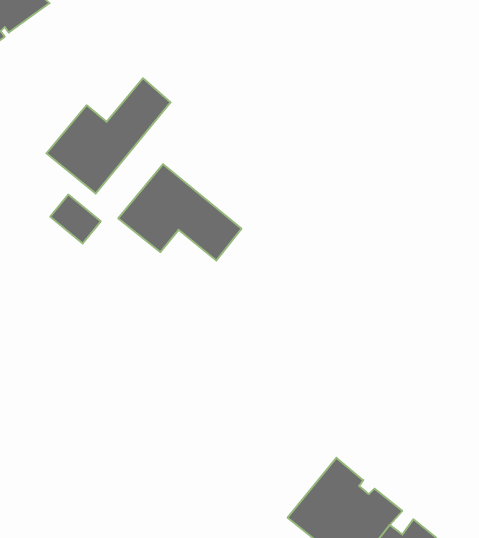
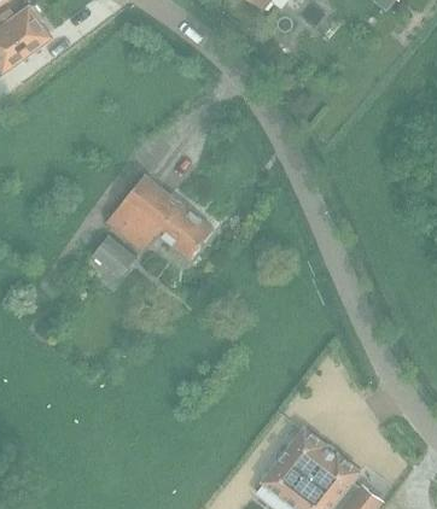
building: [46,78,171,194] -> none
building: [50,195,101,244] -> [92,235,135,277]

